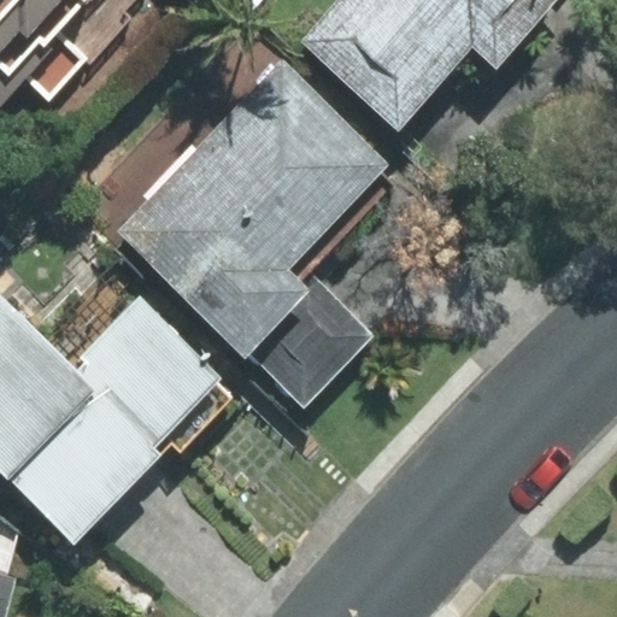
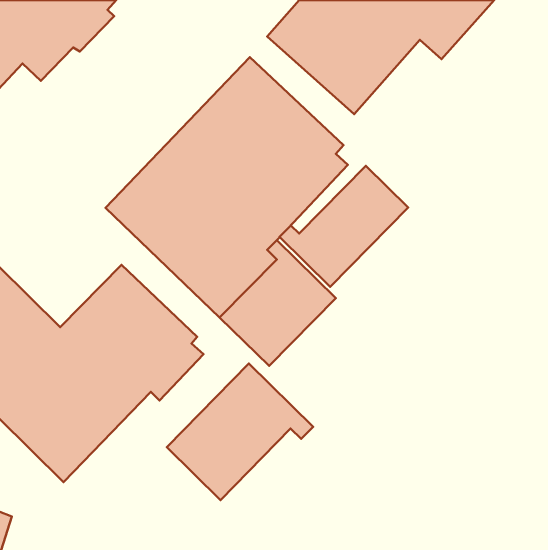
building: none -> [280,166,408,287]
building: none -> [167,364,313,500]

